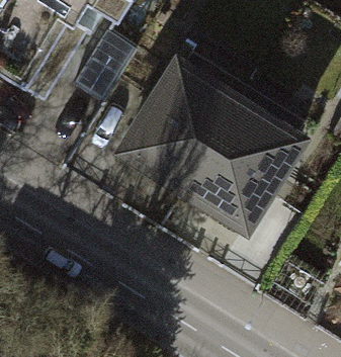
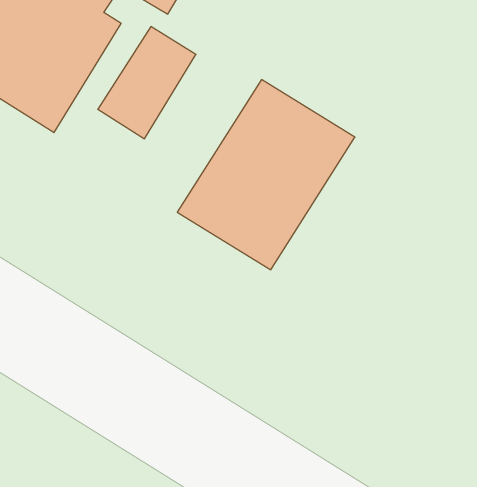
building: [183,100,297,225] -> none

